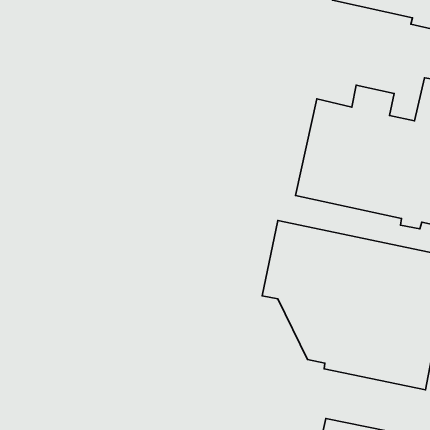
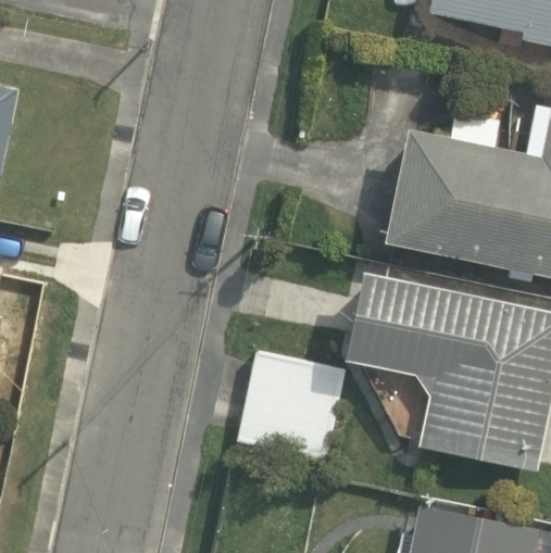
building: none -> [238,351,347,461]

